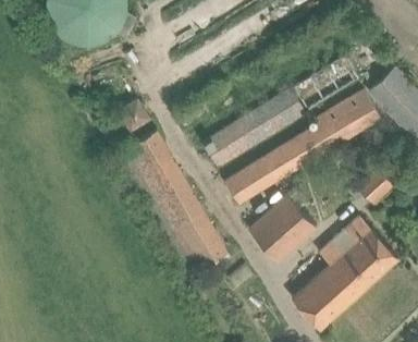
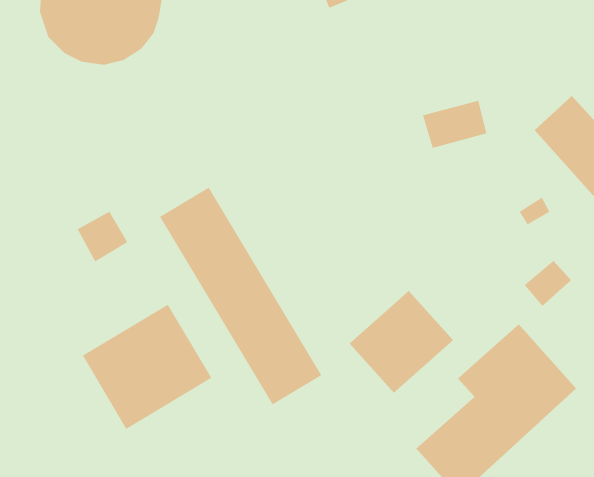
building: [202,87,306,166] -> none
building: [224,89,380,203] -> none
building: [116,98,150,132] -> [77,211,128,262]
building: none -> [82,304,212,430]

